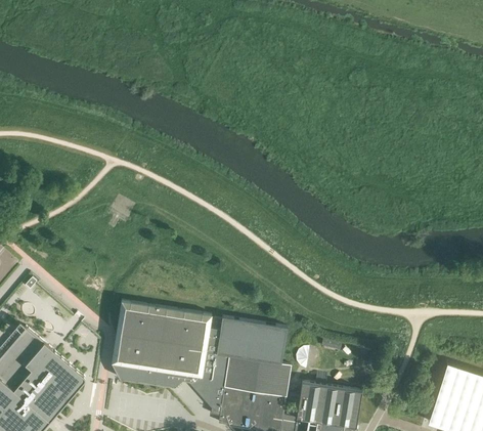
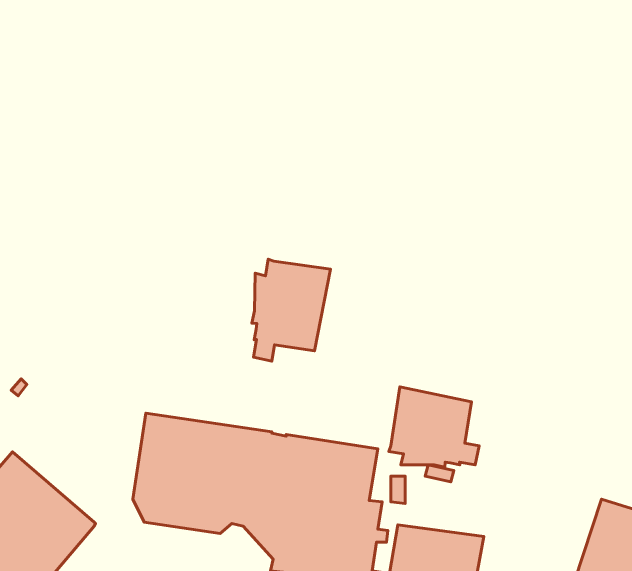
building: none -> [252,259,330,361]
building: none -> [389,387,479,467]

